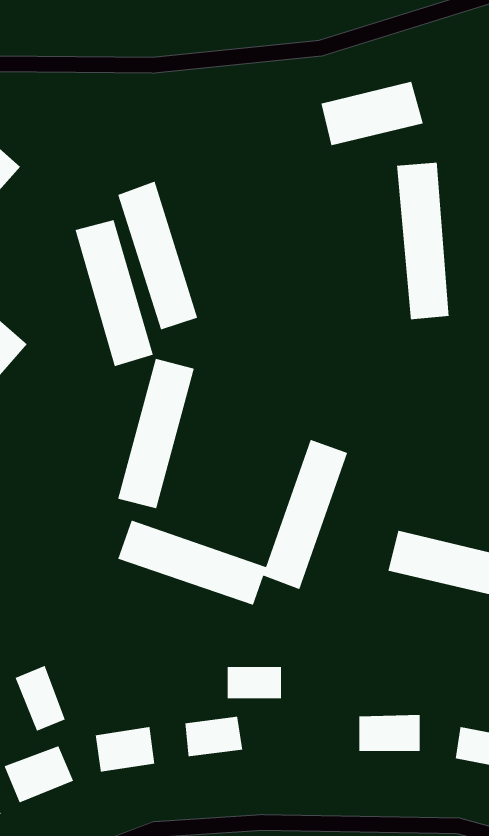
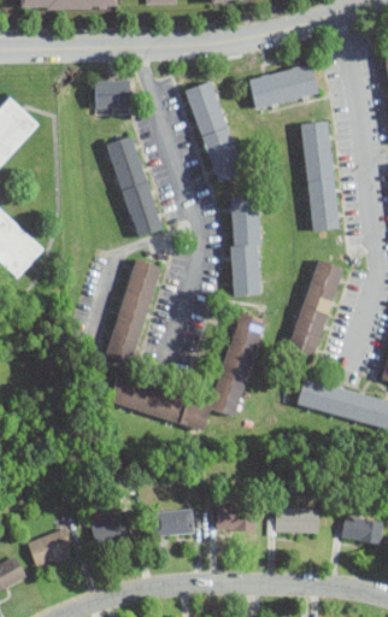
building: none -> [95,81,133,108]
building: [74,219,154,367] -> [187,81,242,184]
building: none -> [228,196,263,296]
building: none -> [286,259,343,364]
building: [14,665,66,732] -> none
building: [227,666,282,699] -> [216,509,254,531]

